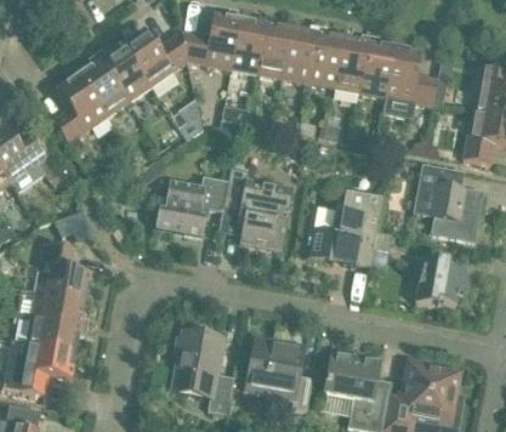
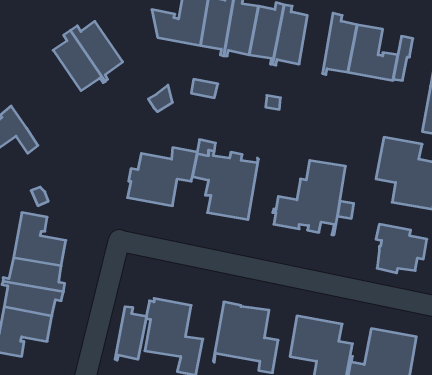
building: [120,28,186,85] -> none
building: [334,33,369,97] -> none
building: [51,73,106,152] -> none
building: none -> [115,307,146,360]

